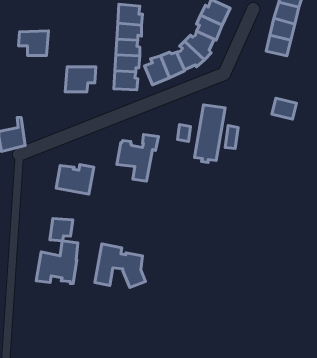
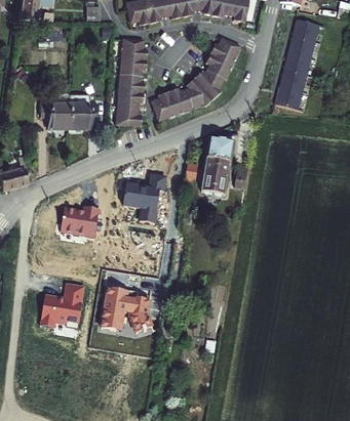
building: [19,31,48,56] -> [41,103,72,129]
building: [272,98,297,119] -> [273,87,299,109]
building: [50,218,73,241] -> none

